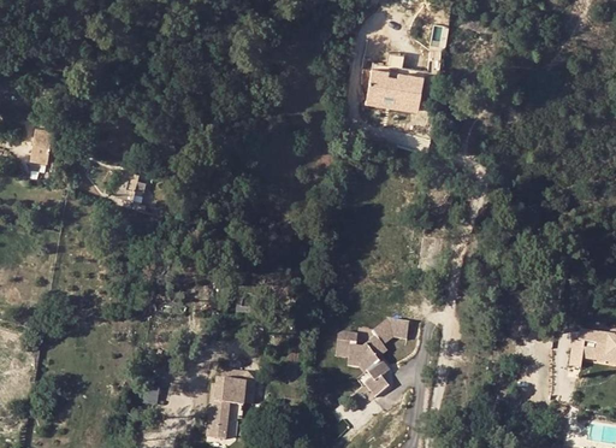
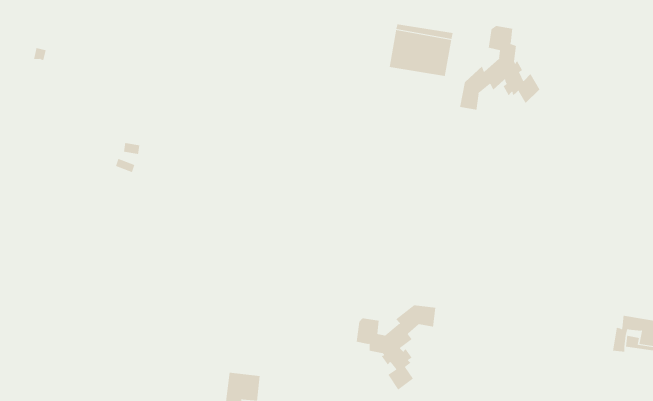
building: none -> [460,25,540,110]
building: [28,128,53,164] -> none

